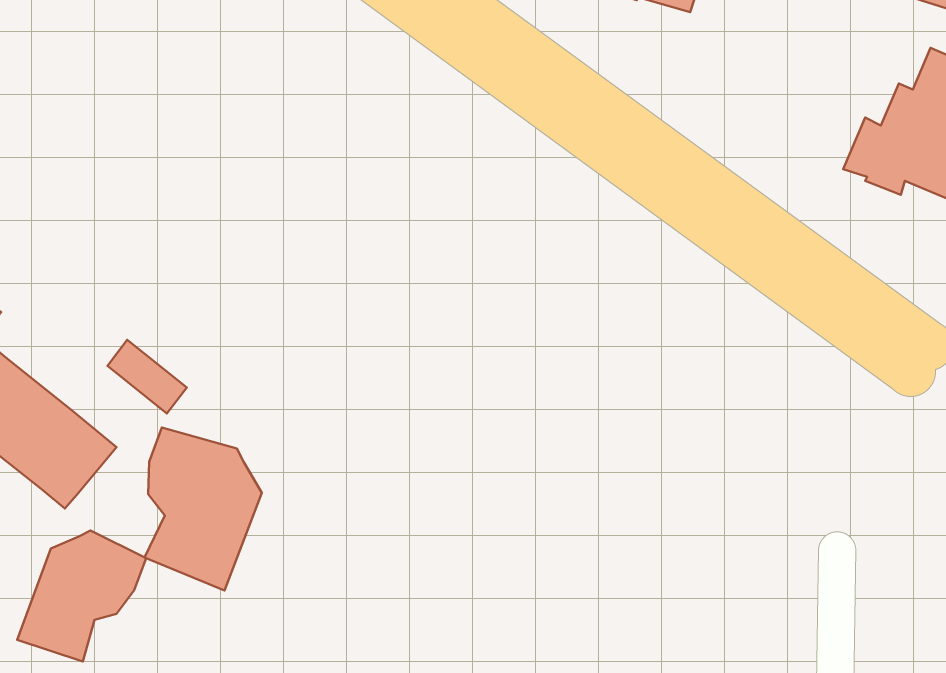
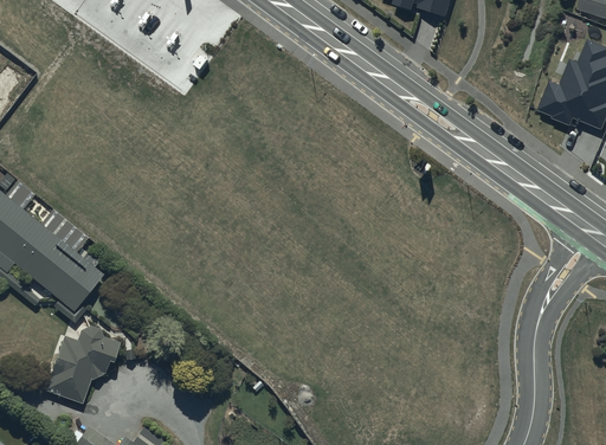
building: [107,340,187,413] -> [40,209,88,253]
building: [144,428,262,590] -> none

